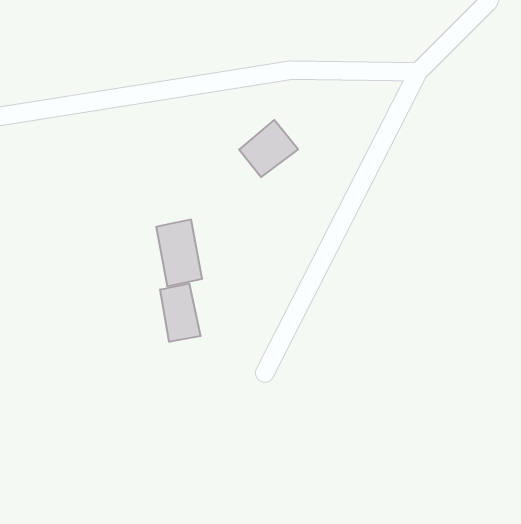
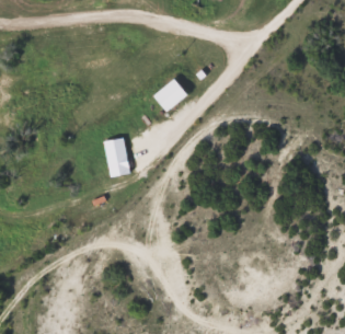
building: [160,284,201,342] -> none

